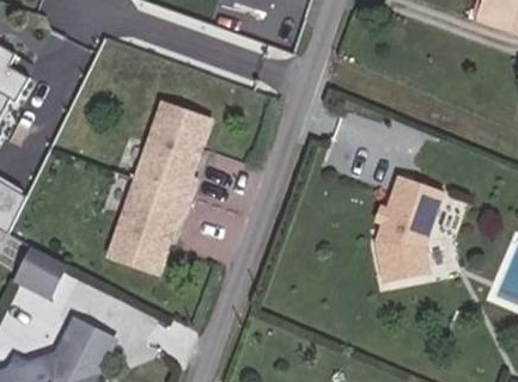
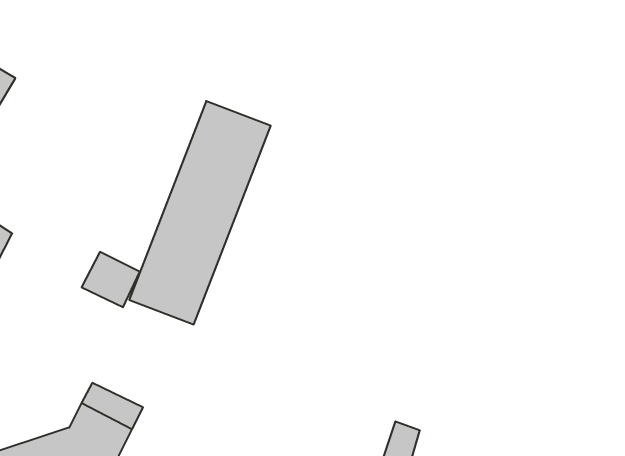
building: [376,177,443,282] -> none
building: [17,246,62,289] -> [82,252,140,307]

